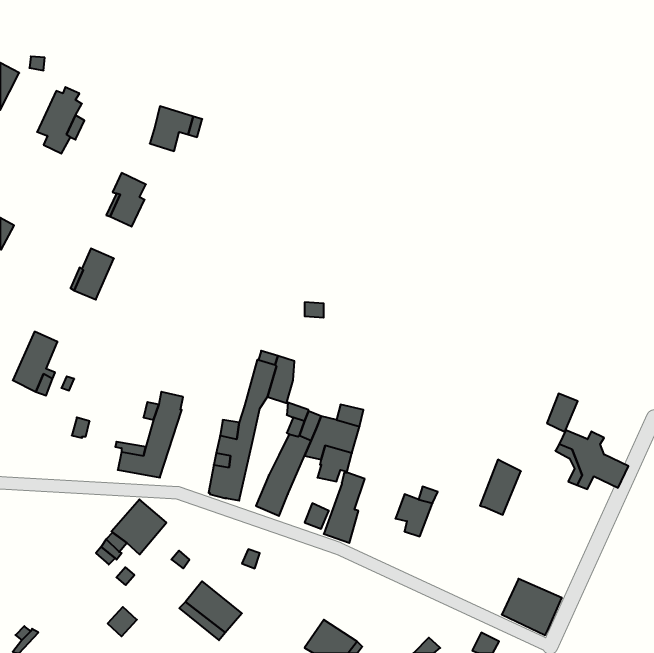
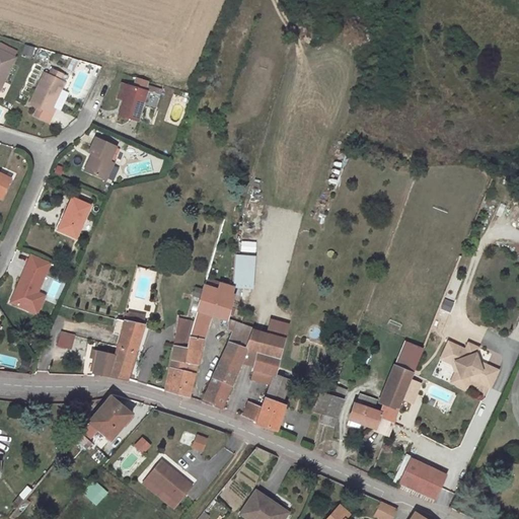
building: none -> [233,254,254,287]
building: [547,394,578,432] -> [398,343,423,373]
building: none -> [349,393,398,433]

